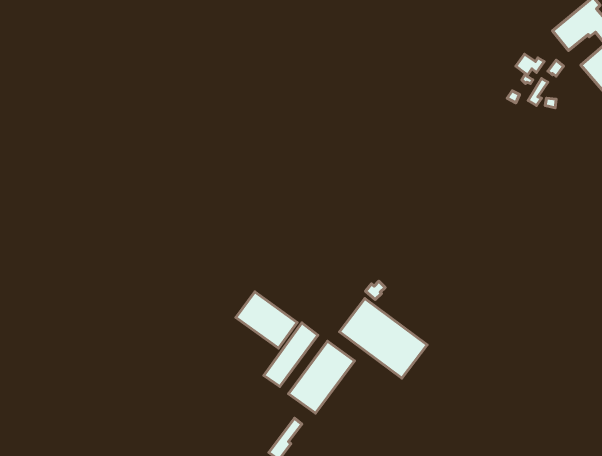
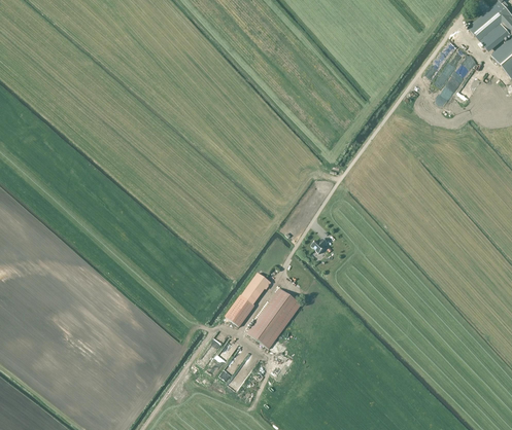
building: [236,292,297,348] -> none
building: [339,298,427,378] -> none

